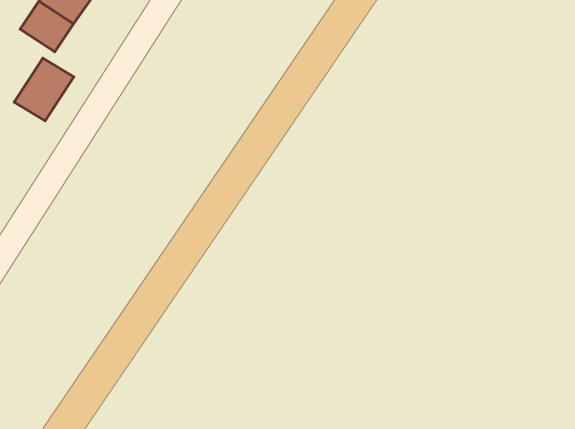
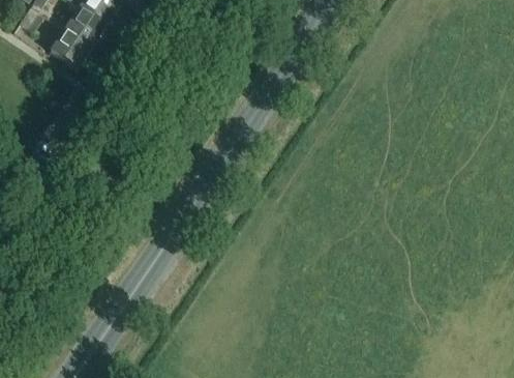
building: [14,58,74,121] -> none

